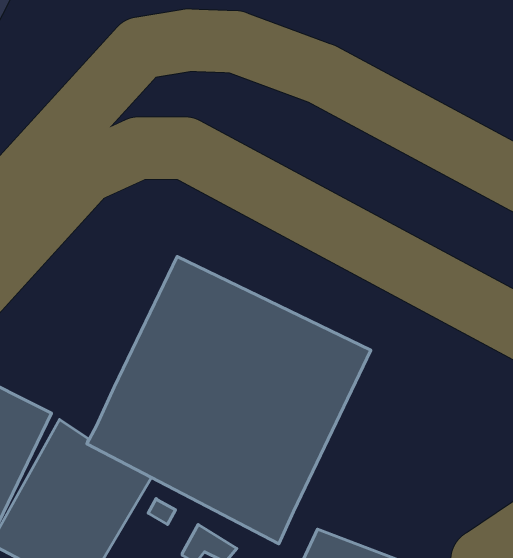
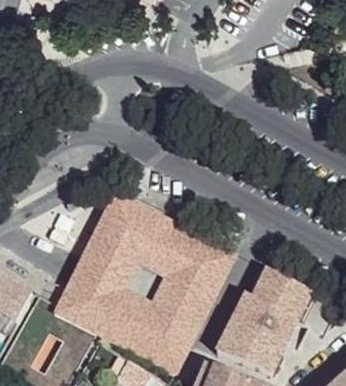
building: none -> [216,268,312,375]

